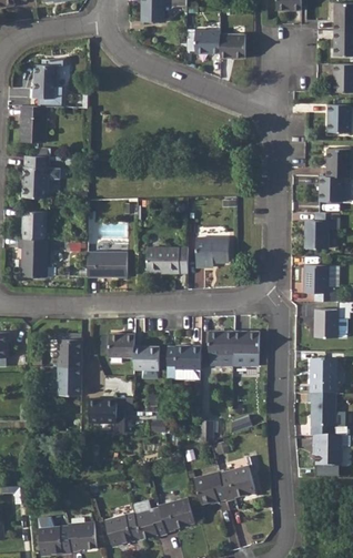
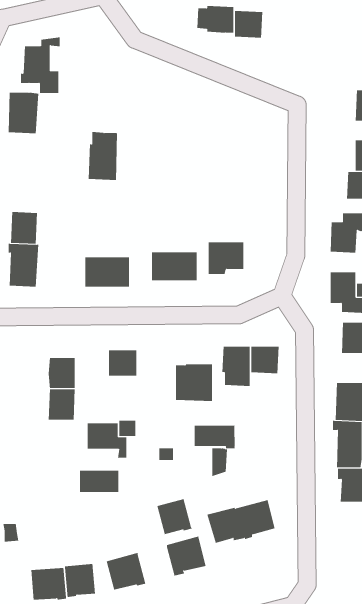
building: [23,155,50,199] -> [88,131,118,180]
building: [134,346,160,369] -> none
building: none -> [194,425,235,449]
building: none -> [79,470,119,493]
building: [137,507,169,539] -> [157,498,193,535]

